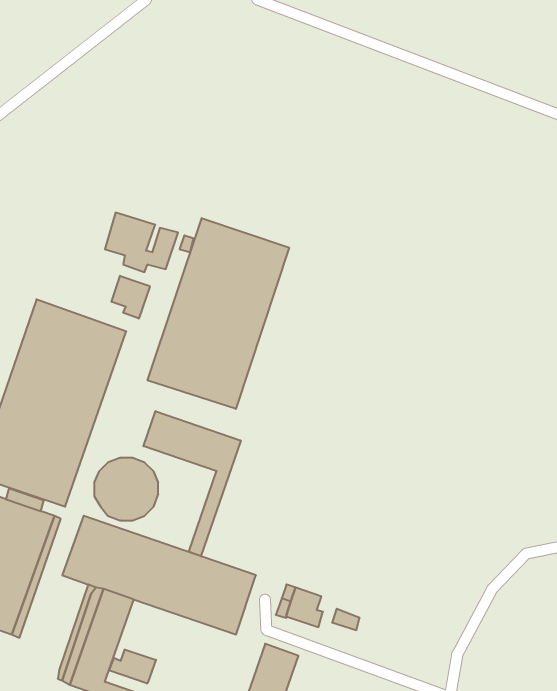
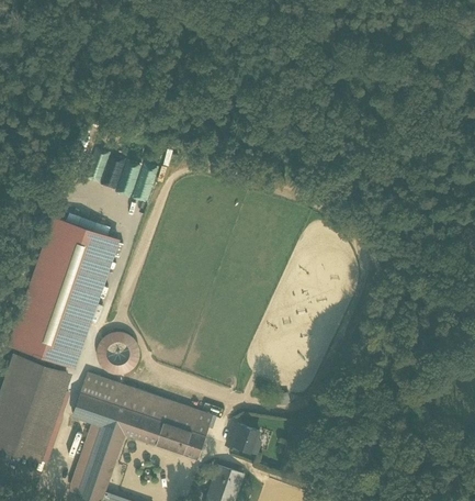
building: [148,218,289,409] -> none
building: [112,276,150,319] -> none
building: [143,411,241,556] -> none
building: [109,649,156,684] -> none

